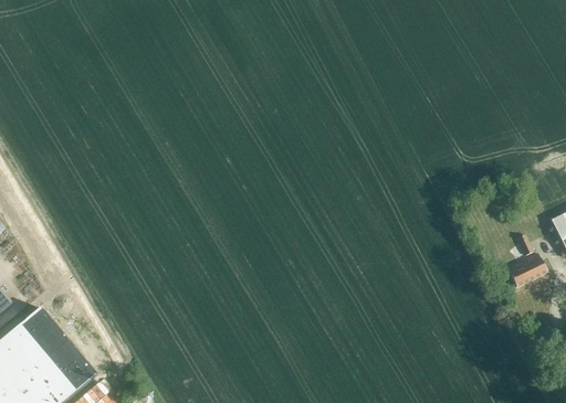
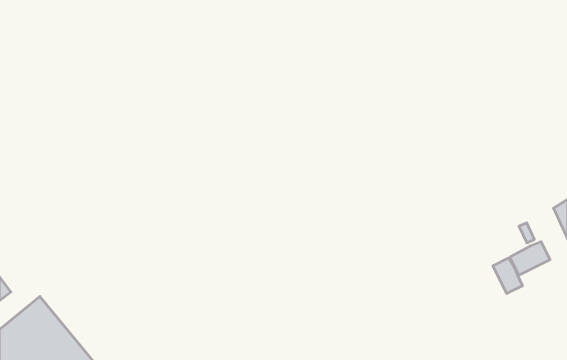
building: none -> [493,258,522,294]

